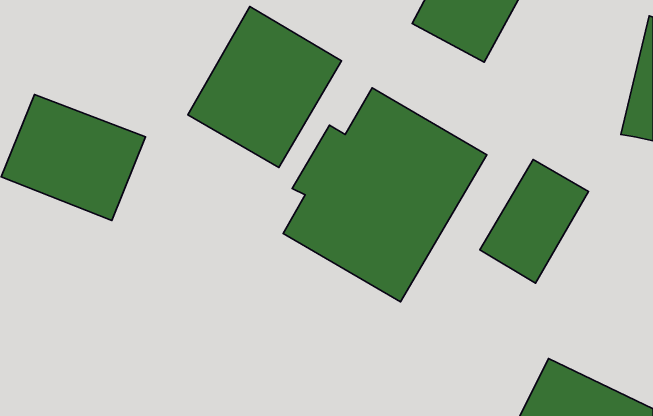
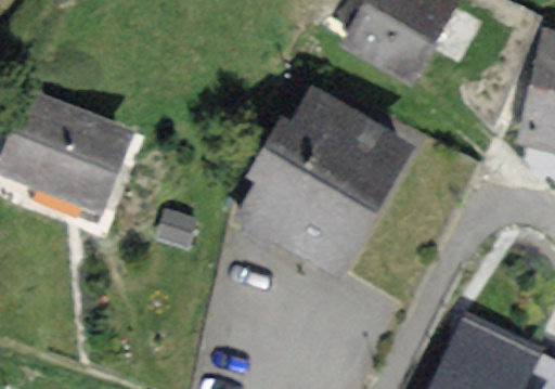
building: [188,7,342,168] -> none
building: [480,159,588,283] -> none

